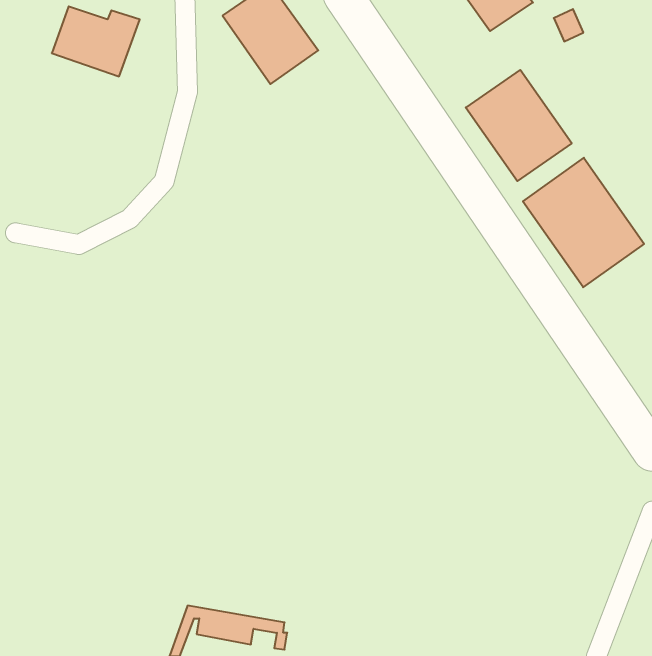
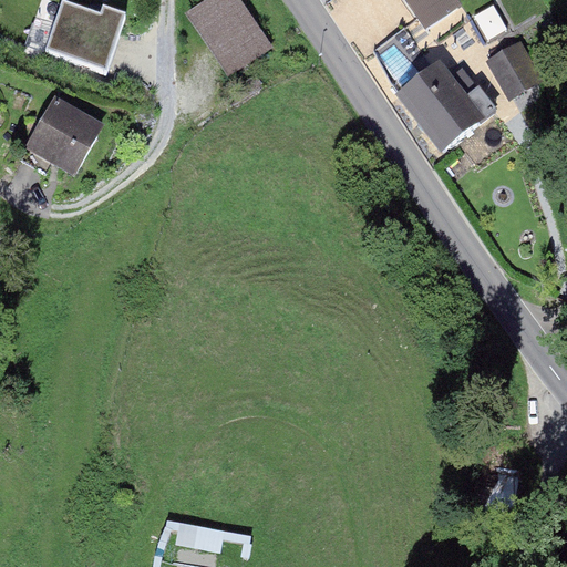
building: none -> [483,42,539,102]
building: none -> [27,93,109,176]
building: [523,158,644,287] -> none

